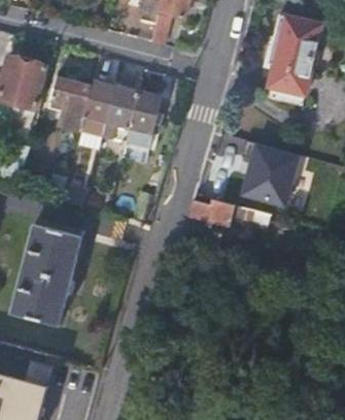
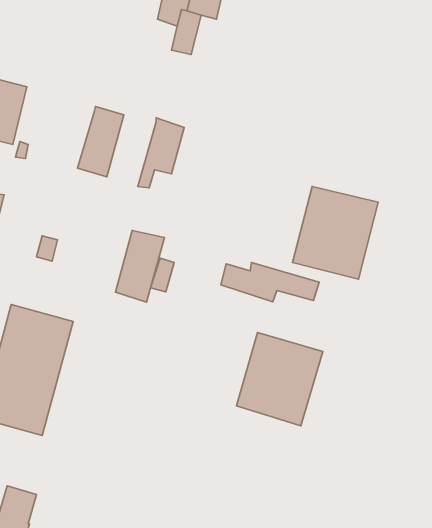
building: [269,14,319,93] -> none
building: [49,78,94,131] -> none
building: [103,89,139,141] -> [115,230,165,302]
building: none -> [236,333,323,426]

